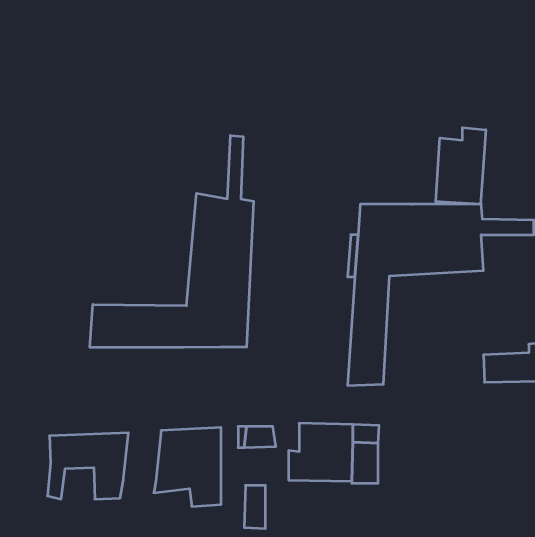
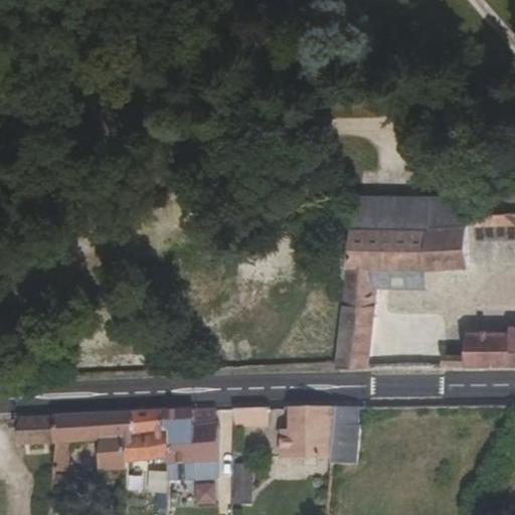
building: [436,128,486,204] -> none
building: [90,135,254,347] -> none
building: none -> [121,411,157,460]
building: none -> [14,416,51,447]

